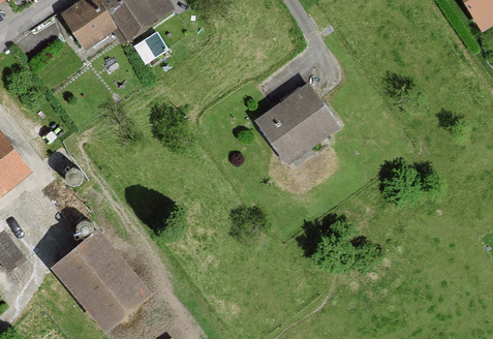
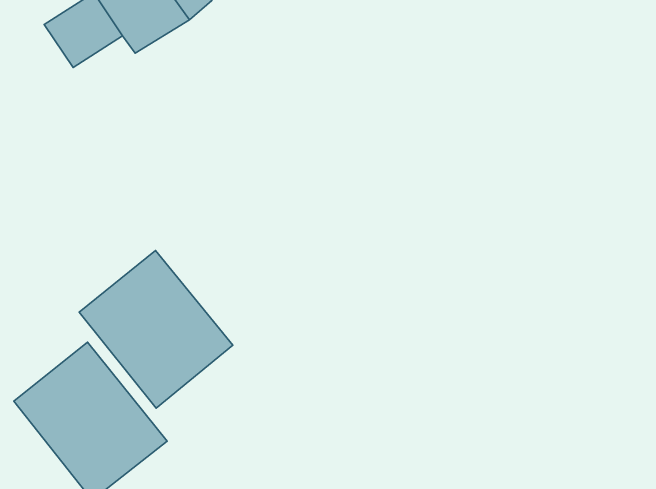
building: [255,85,339,164] -> none
building: none -> [79,251,233,408]

